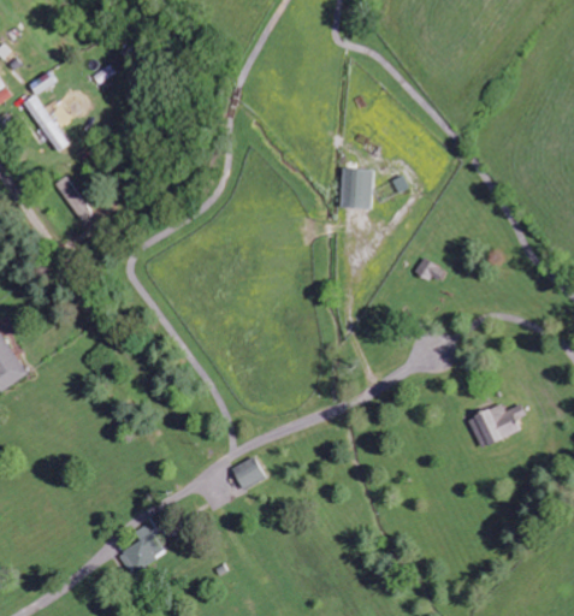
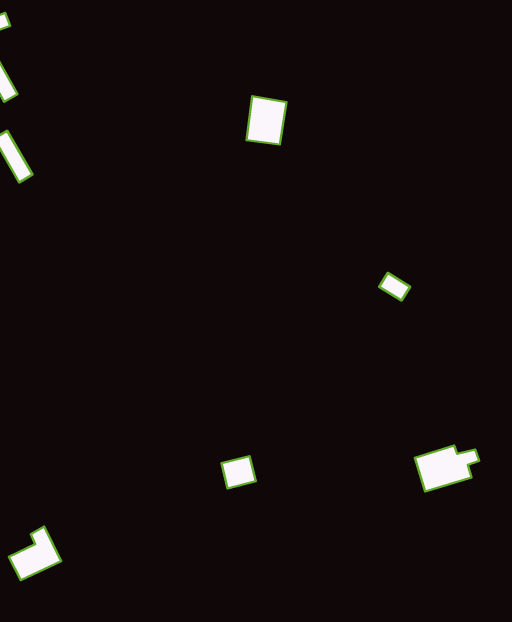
building: [341,167,372,207] -> [246,96,287,145]
building: [231,457,264,488] -> [222,456,256,488]

